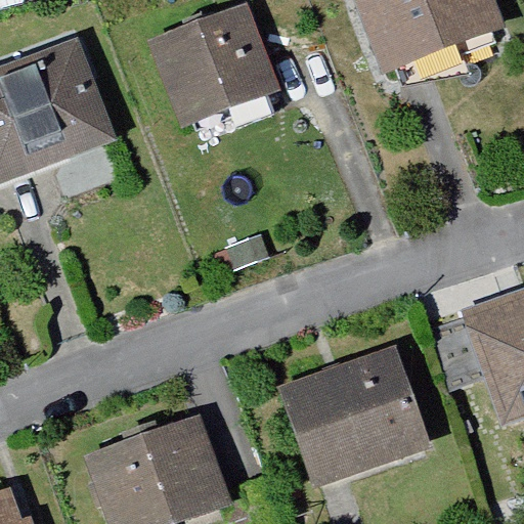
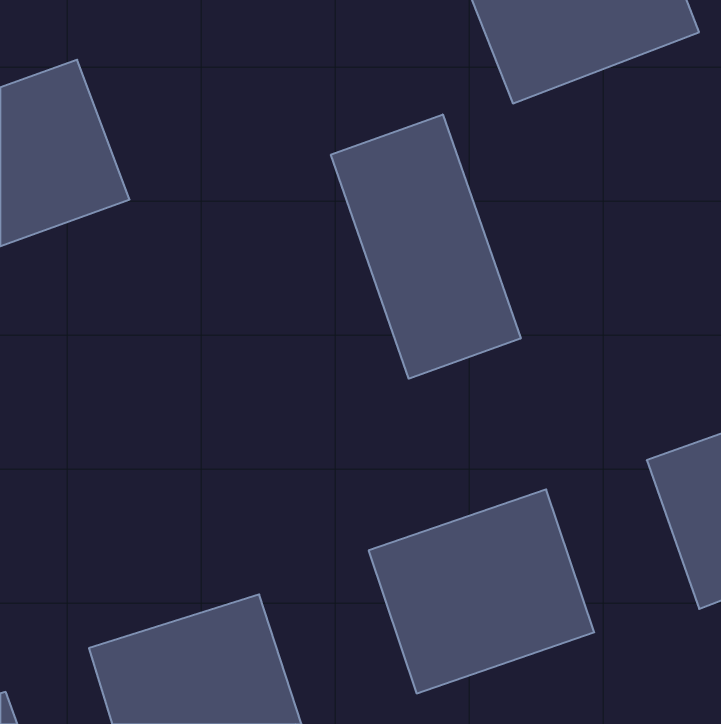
building: [144,7,271,125] -> none
building: none -> [331,114,521,379]

